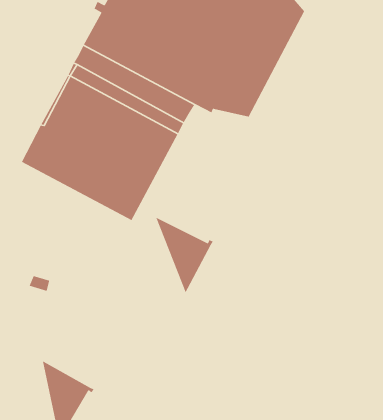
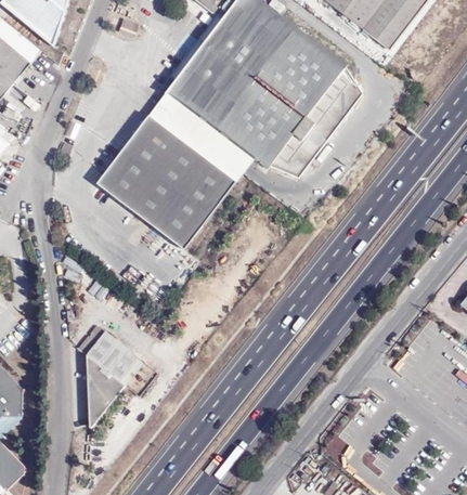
building: [155,217,214,294] -> none
building: none -> [78,326,142,386]

